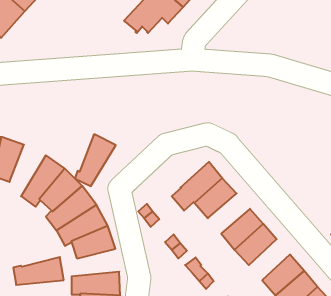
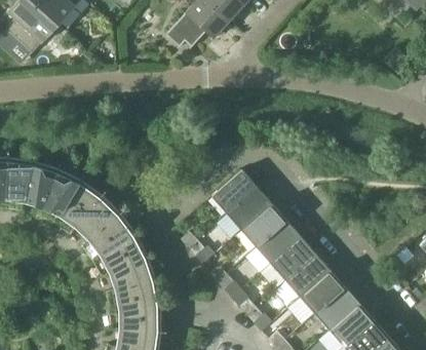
building: [75,135,116,186] -> [37,168,81,224]
building: none -> [210,169,257,215]
building: none -> [245,221,301,272]
building: none -> [300,270,344,314]
building: [13,257,64,285] -> [106,280,160,310]

